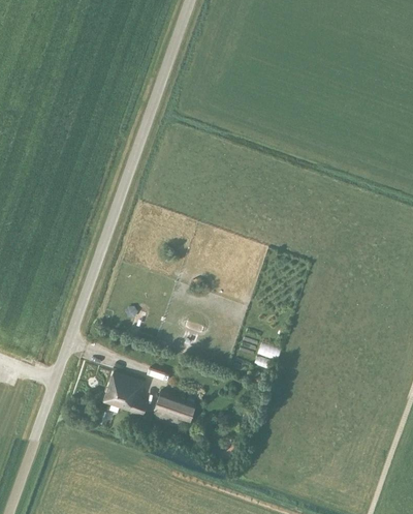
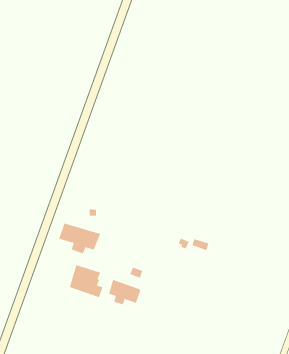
building: none -> [58,222,101,254]

